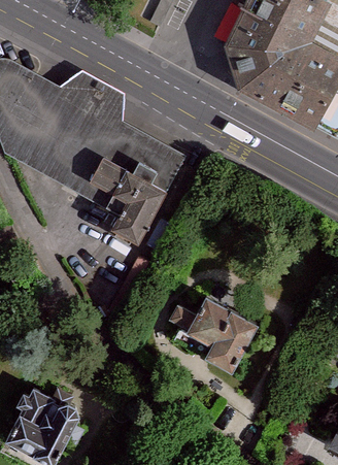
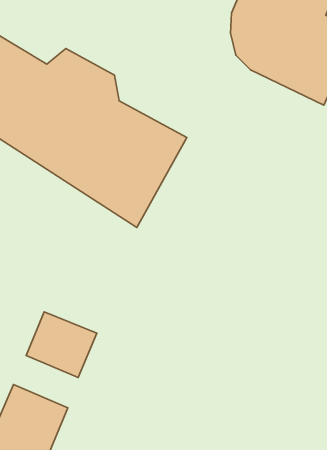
building: [184,292,260,362] -> none
building: none -> [26,312,97,378]

